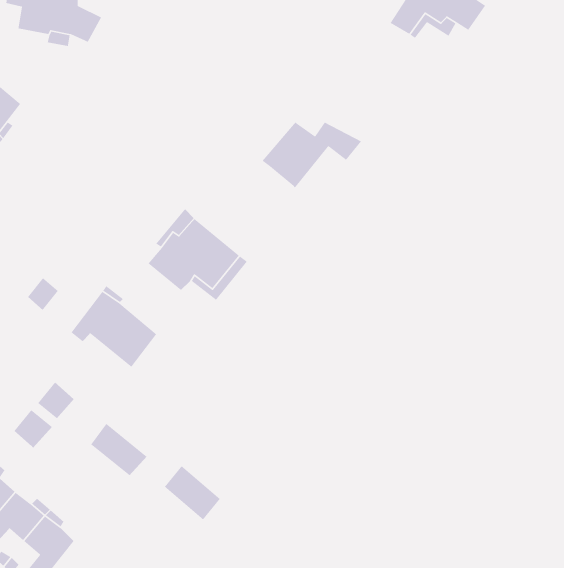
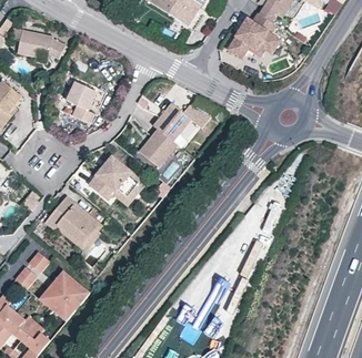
building: none -> [67,81,97,124]
building: none -> [141,130,179,167]
building: [164,465,221,520] -> [43,290,76,321]

